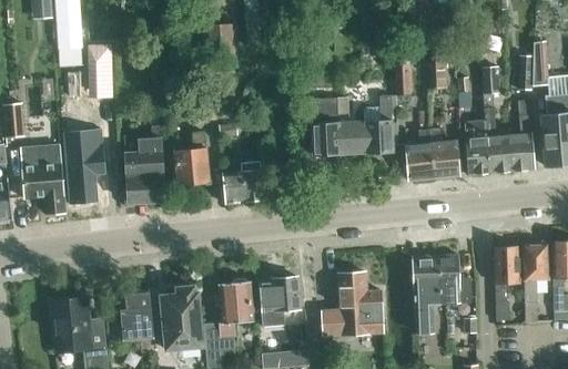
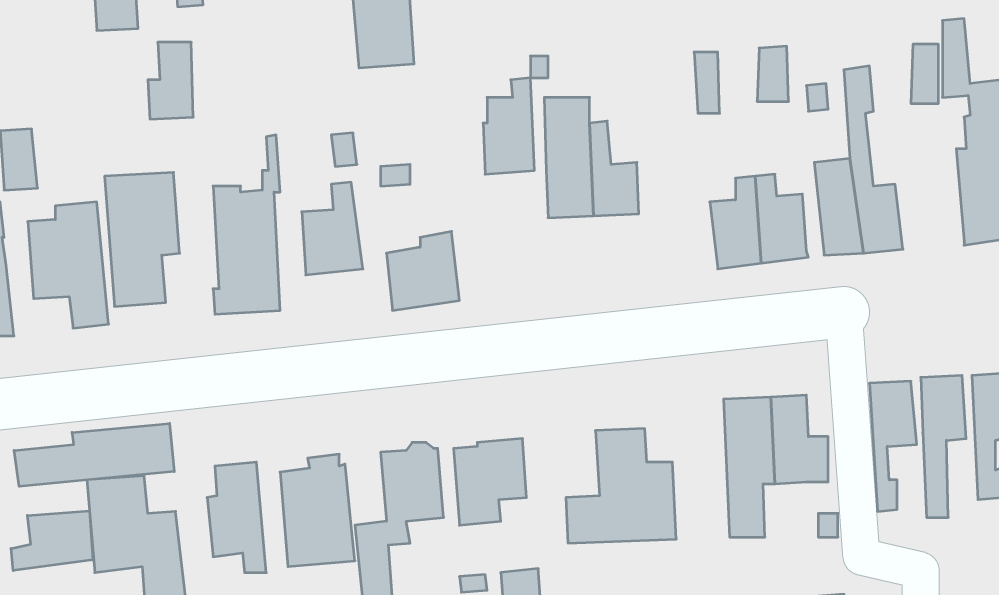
building: [363,96,392,151] -> [483,78,534,174]
building: [508,101,532,171] -> none
building: none -> [14,423,174,486]
building: none -> [11,511,93,571]

